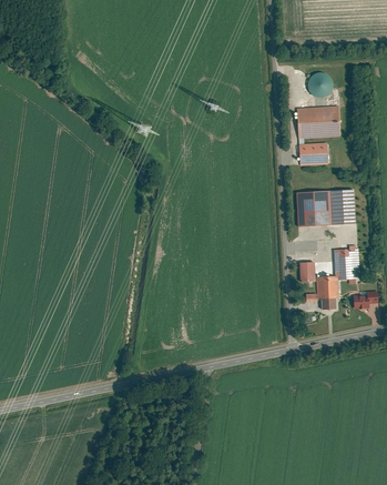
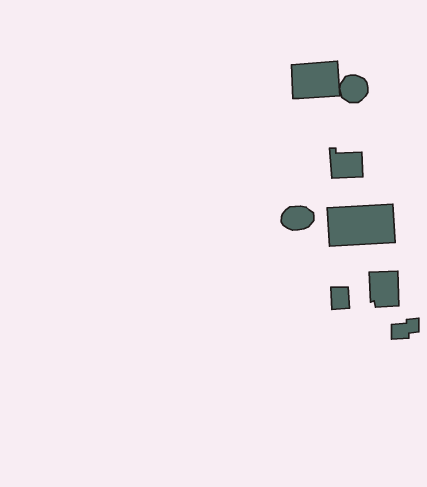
building: [296,105,339,139] -> [292,61,340,98]
building: none -> [281,206,314,230]
building: [315,275,338,311] -> none

